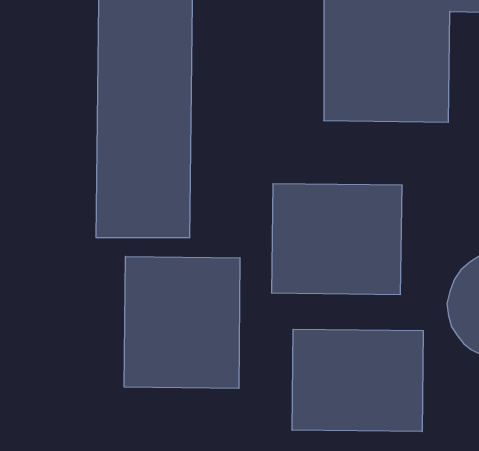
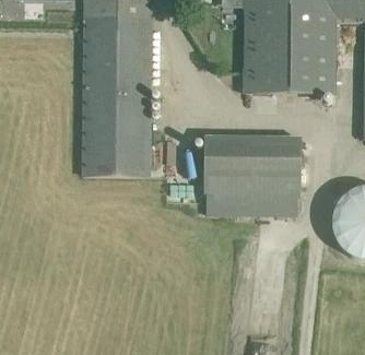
building: [124,256,240,388] -> none
building: [292,329,423,432] -> none

